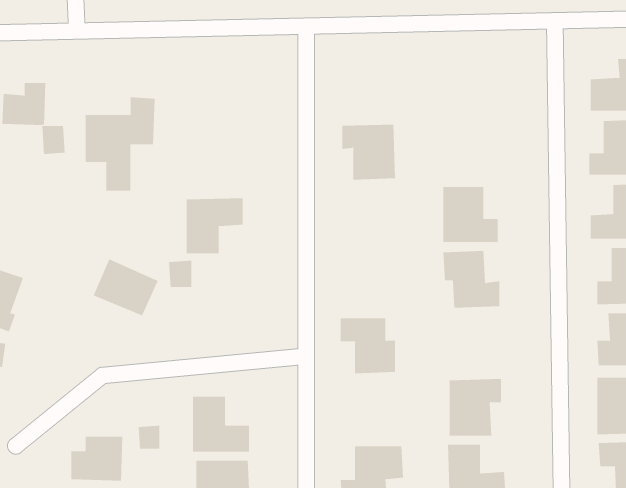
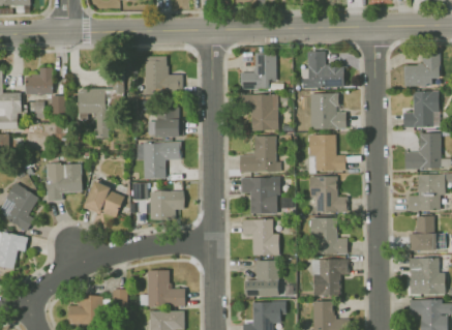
building: none -> [303,51,344,88]
building: none -> [242,54,277,89]
building: none -> [145,57,183,93]
building: none -> [310,93,346,129]
building: none -> [147,109,180,137]
building: none -> [240,136,280,173]
building: none -> [47,163,83,201]
building: none -> [241,177,280,214]
building: none -> [150,190,184,219]
building: none -> [312,218,348,254]
building: none -> [245,261,279,297]

